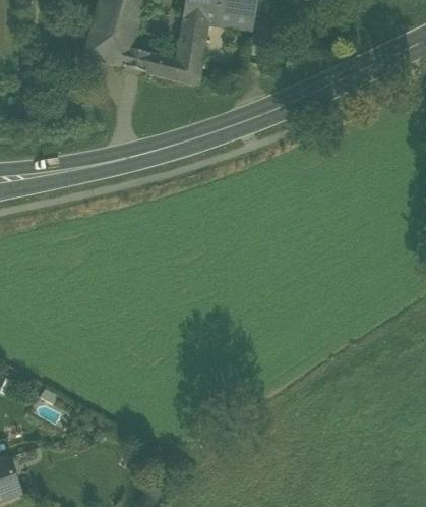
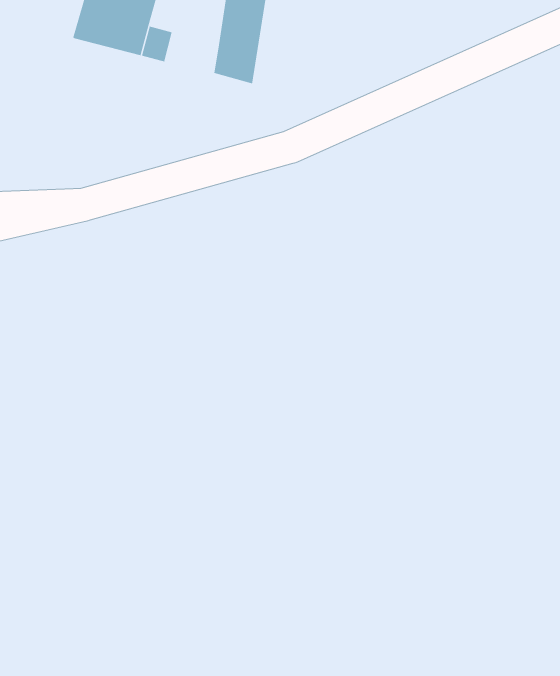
building: [141,51,176,77] -> none

